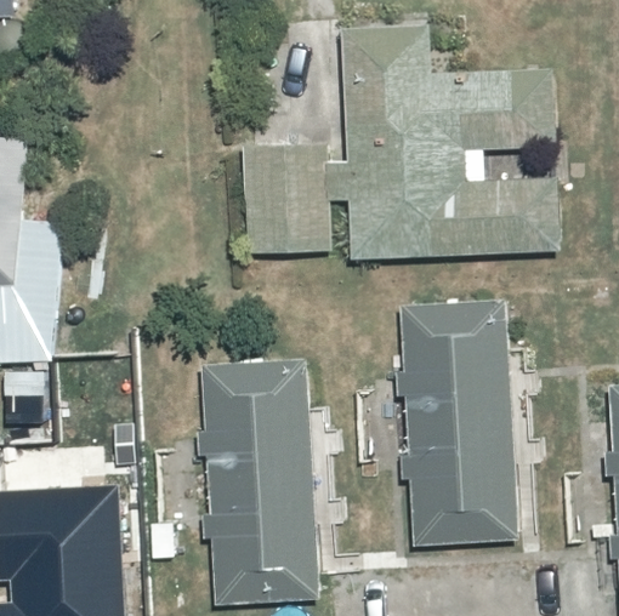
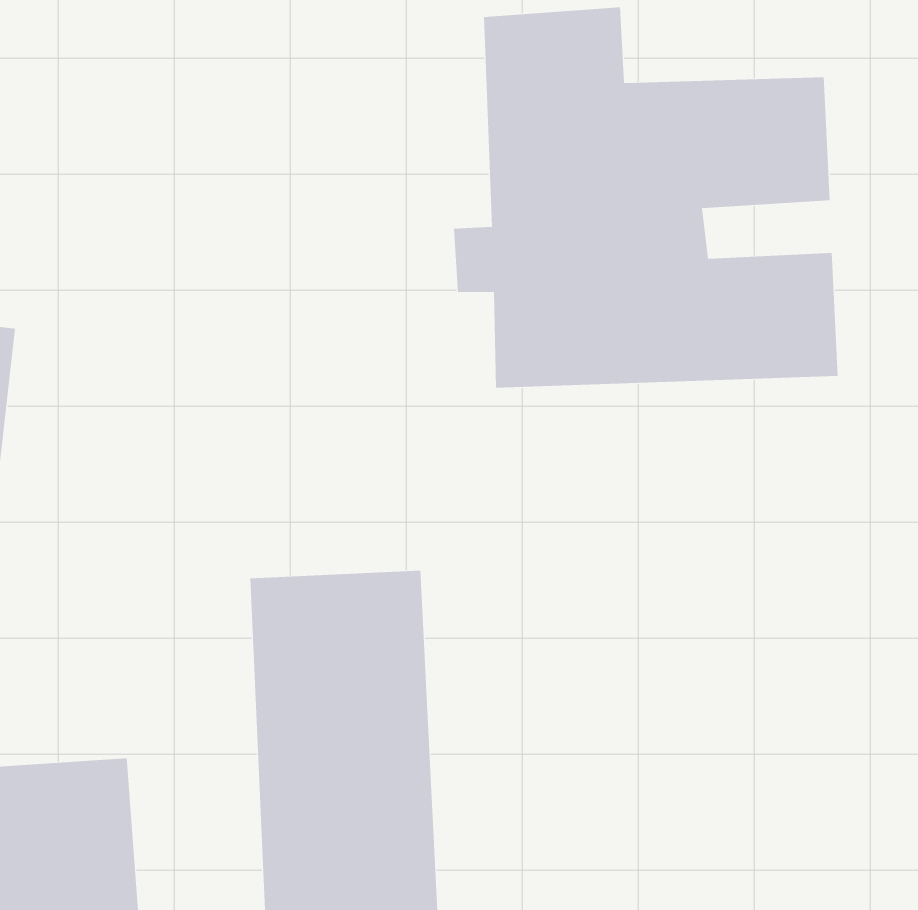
building: [242,146,331,252] -> none
building: [401,304,513,543] -> none

